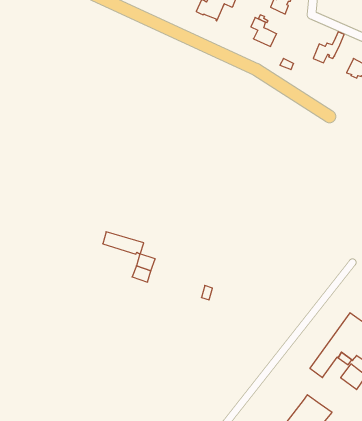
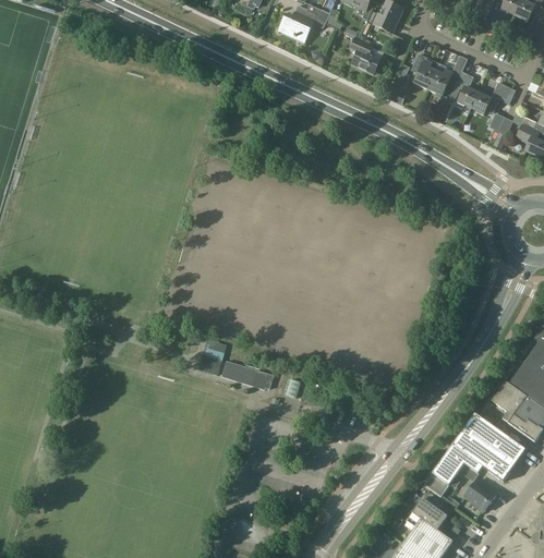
building: none -> [412,52,436,88]
building: none -> [456,71,480,107]
building: [103,232,144,254] -> [220,360,273,388]
building: none -> [407,497,447,530]

